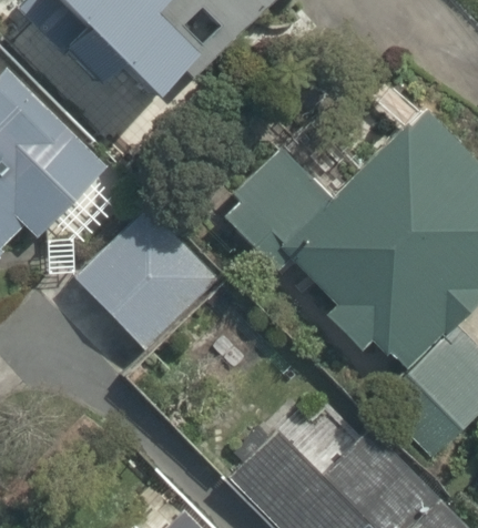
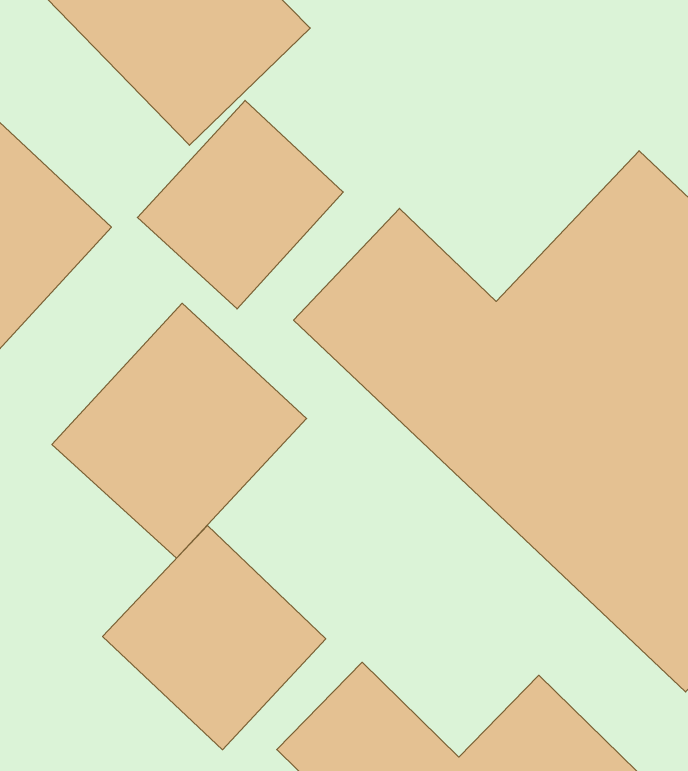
building: none -> [137,100,343,309]
building: none -> [103,526,326,750]

